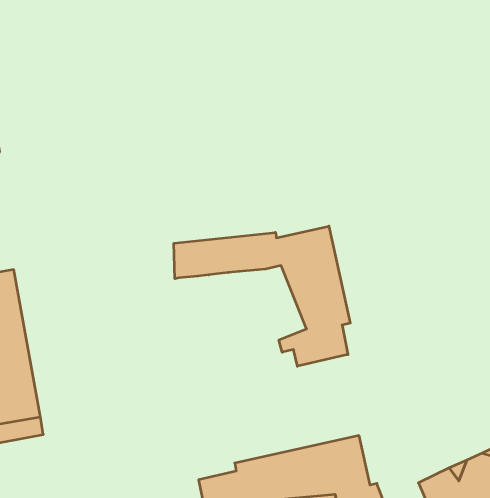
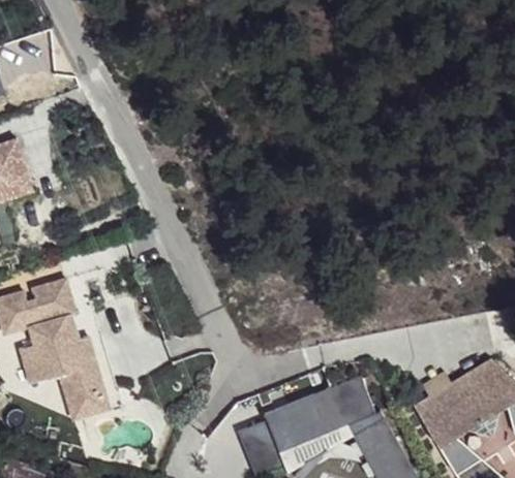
building: [174,226,350,366] -> none

